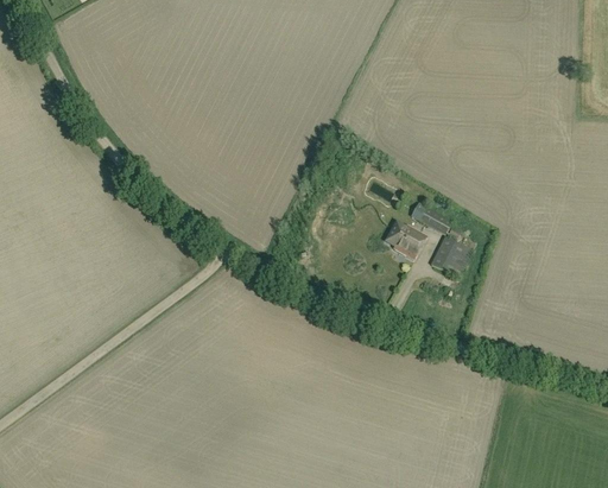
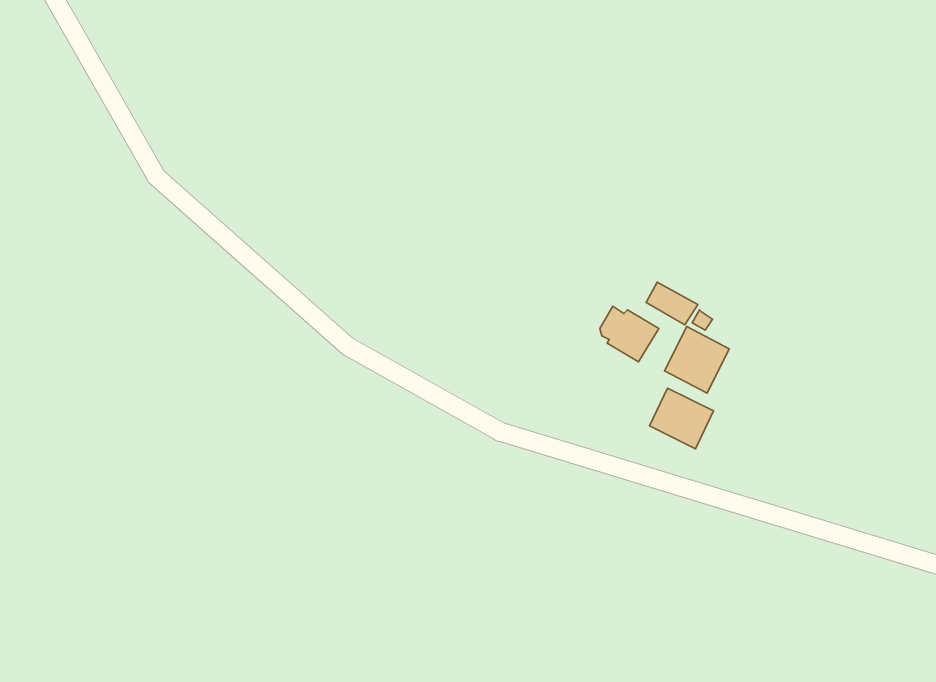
building: none -> [650,388,713,449]

